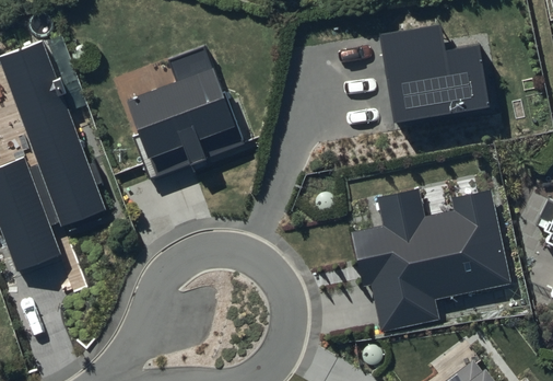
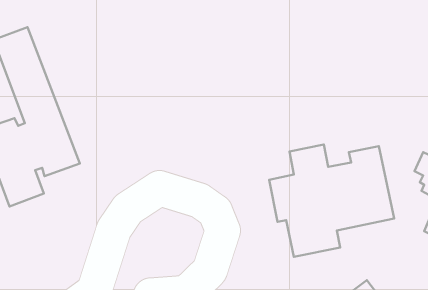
building: [378,19,486,117] -> none
building: [122,41,247,178] -> none

